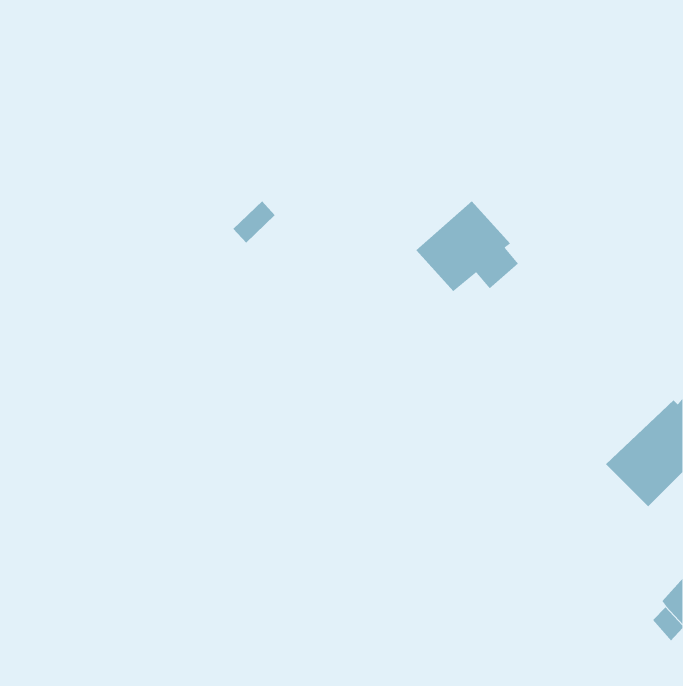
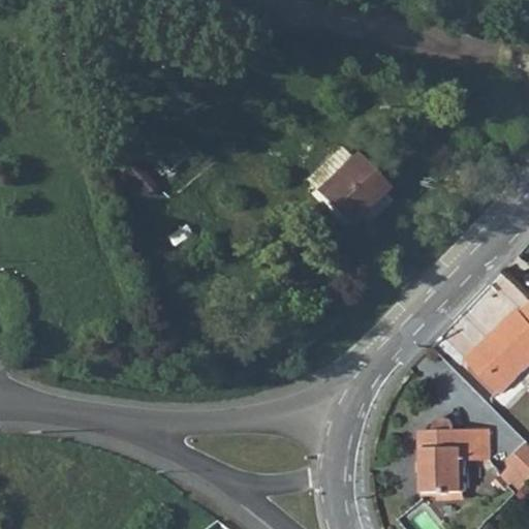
building: none -> [418,417,479,491]

